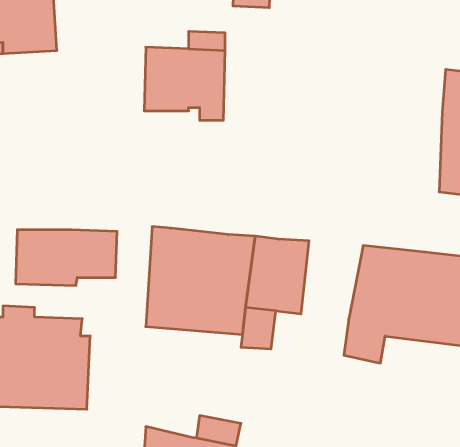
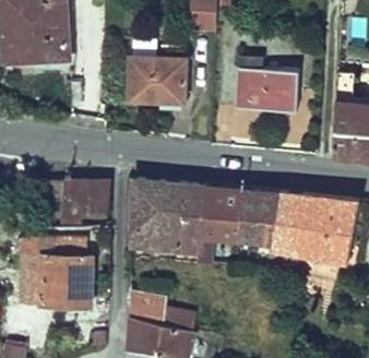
building: none -> [237,69,298,112]
building: none -> [237,191,279,244]
building: none -> [130,291,166,326]

